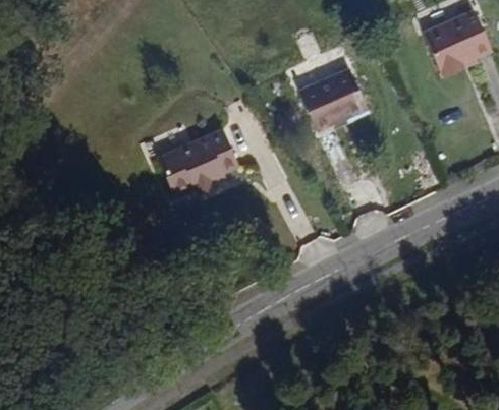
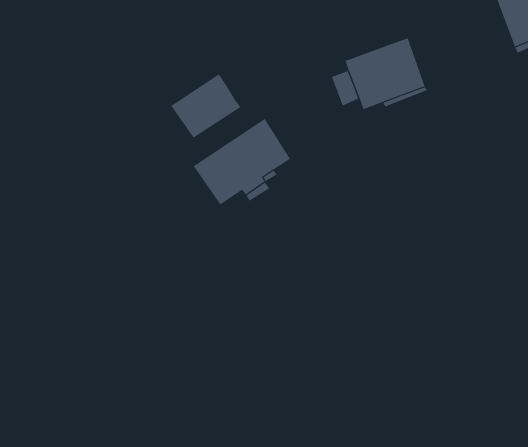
building: none -> [171,74,241,139]

